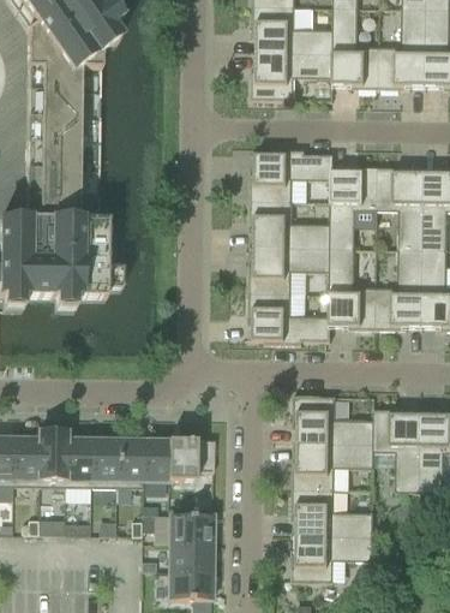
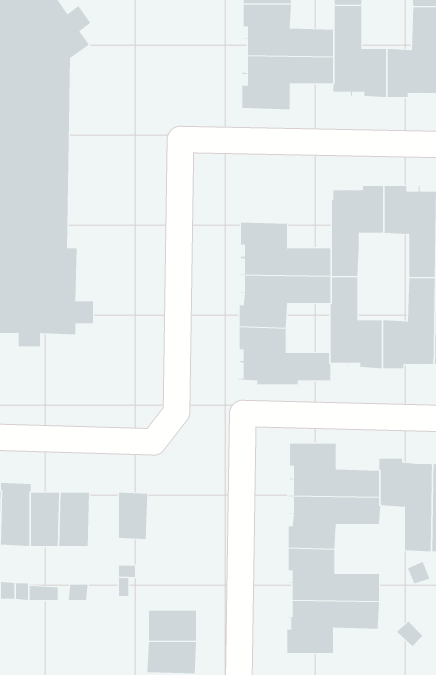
building: [250,149,332,201] -> none
building: [115,439,142,487] -> none
building: [167,440,212,481] -> none
building: [168,514,211,543] -> none

